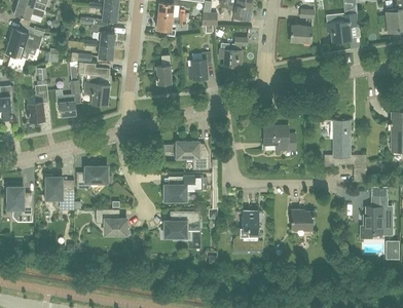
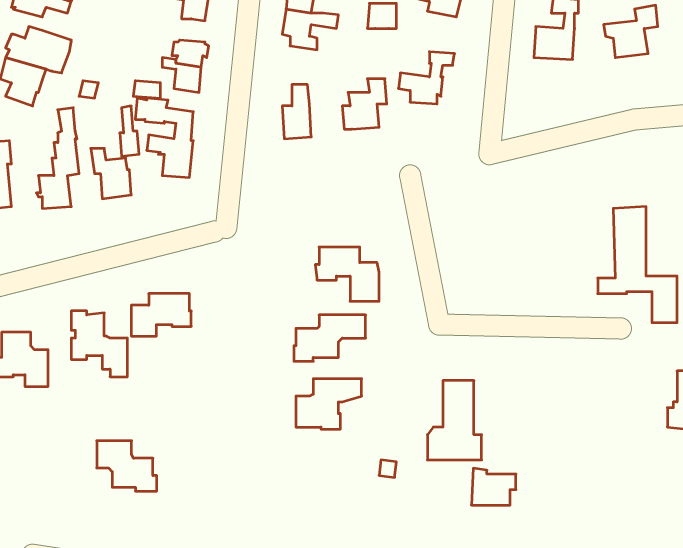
building: [262,127,295,151] -> none
building: [96,209,127,236] -> [97,441,157,491]
building: [291,209,315,229] -> [471,468,516,505]

